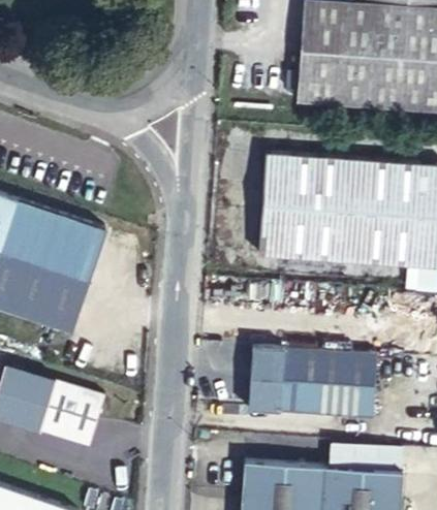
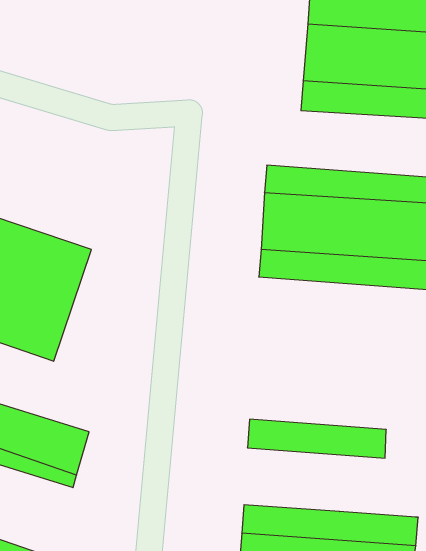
building: [250,346,377,393] -> none
building: [332,443,402,473] -> none

